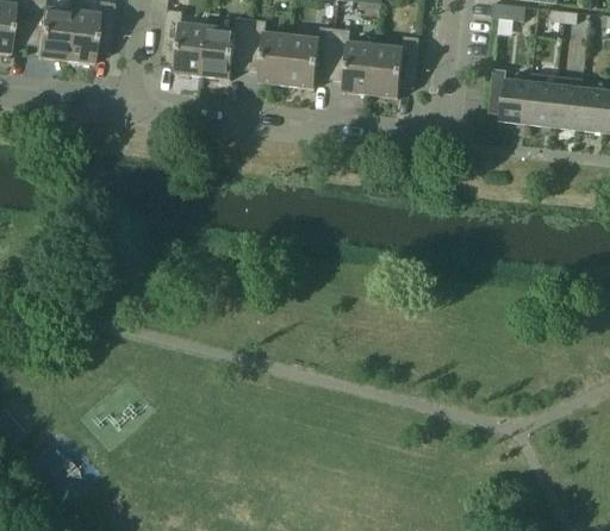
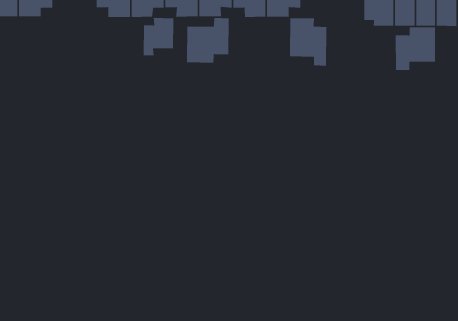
building: none -> [143,17,174,56]
building: none -> [186,17,229,64]
building: none -> [289,17,327,67]
building: none -> [395,27,436,71]

